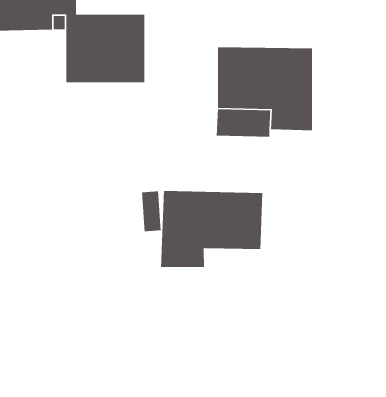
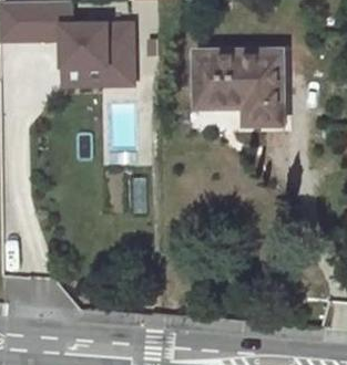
building: [160,190,263,268] -> none

